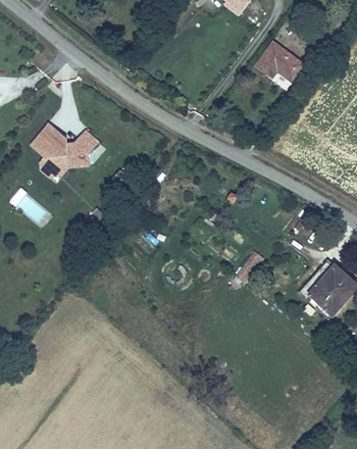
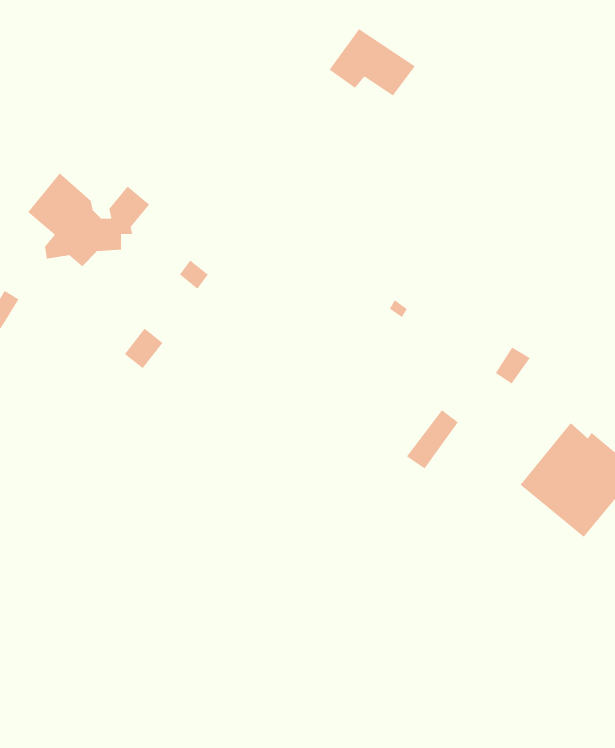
building: [262,44,309,81] -> [329,28,416,96]

